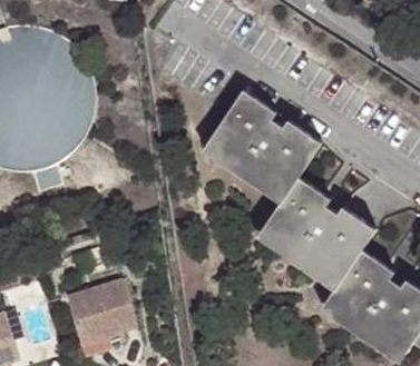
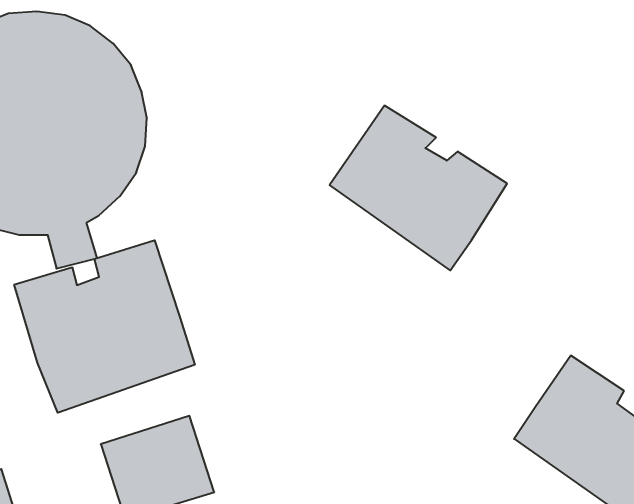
building: none -> [14,240,195,413]
building: [262,176,373,280] -> none

